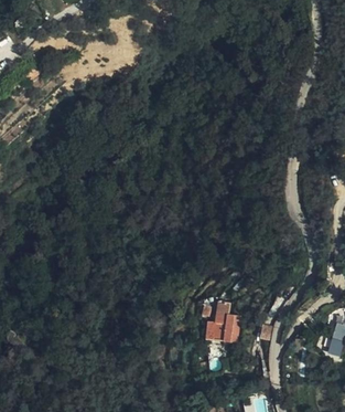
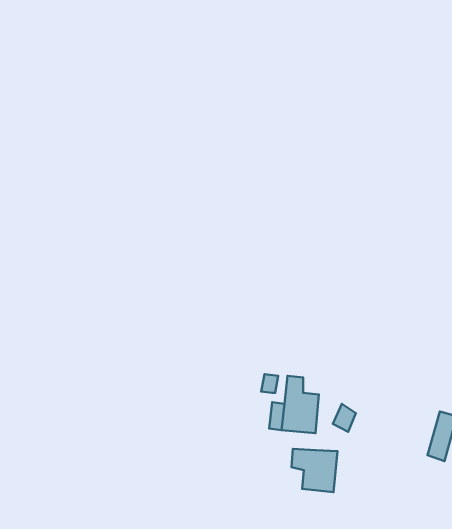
building: none -> [291,449,337,492]

